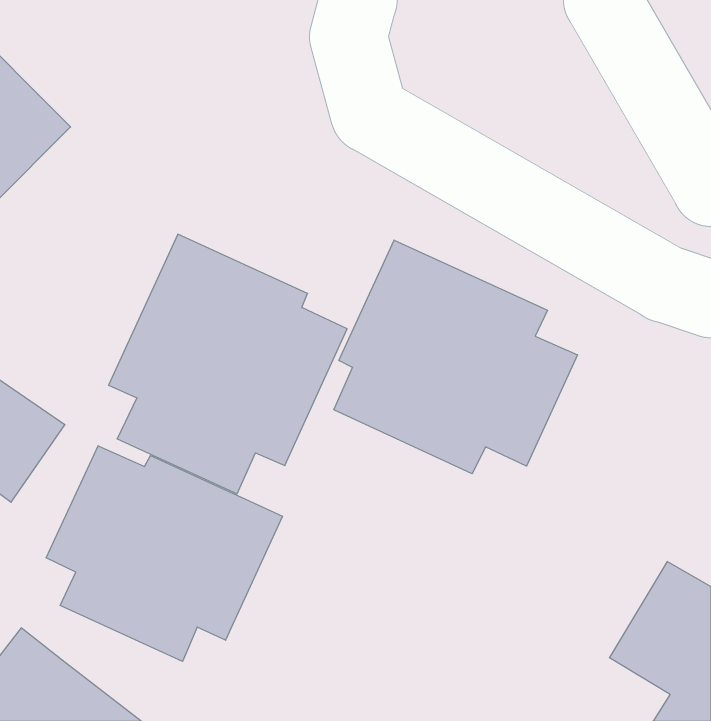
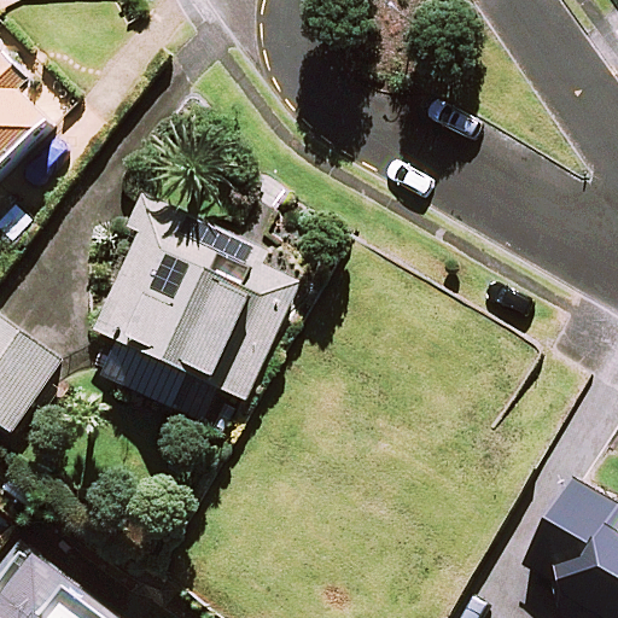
building: [334,240,577,474] -> none
building: [46,446,282,661] -> none

